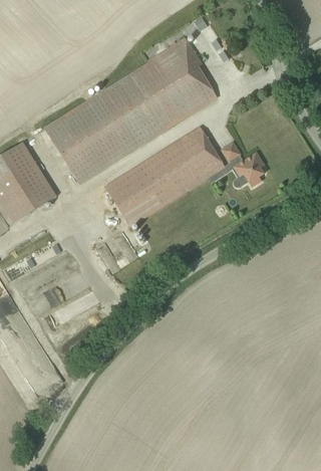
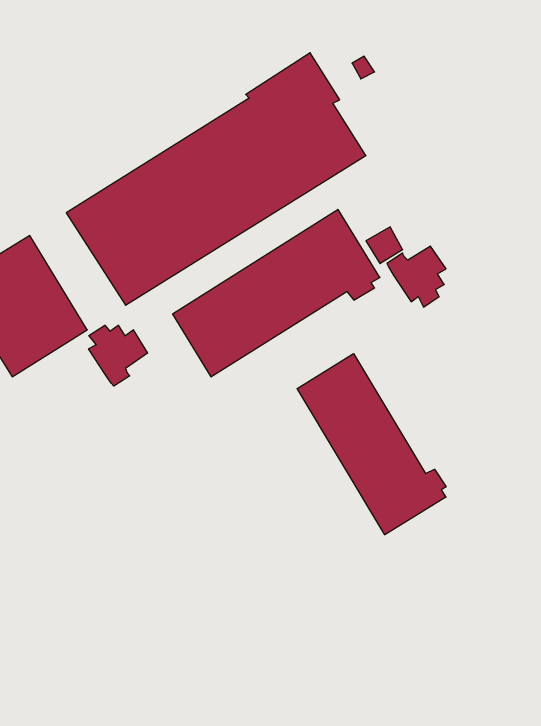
building: none -> [89,325,148,386]
building: none -> [297,354,446,535]

